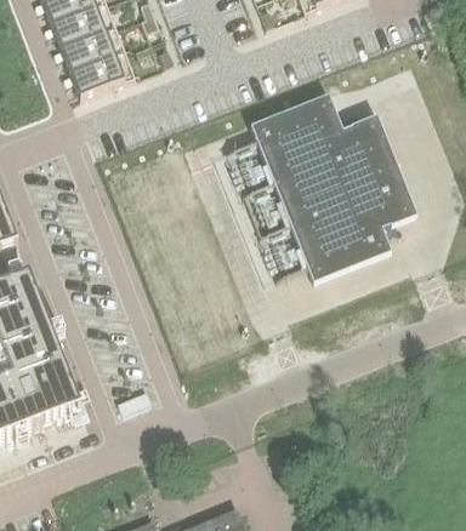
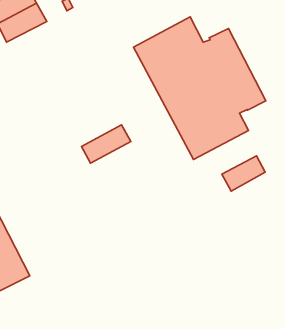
building: none -> [82,125,131,163]
building: none -> [222,156,265,191]

